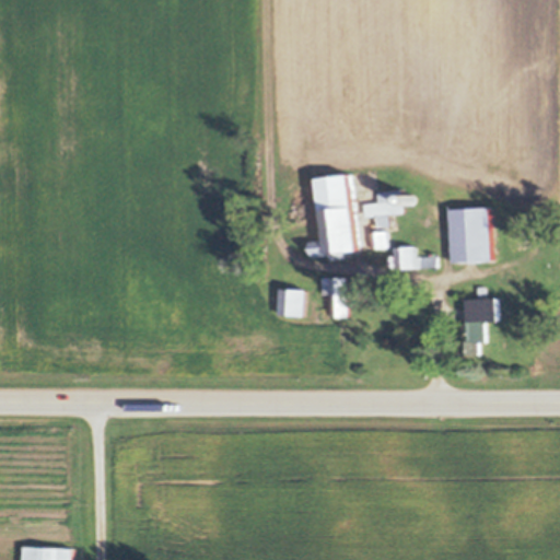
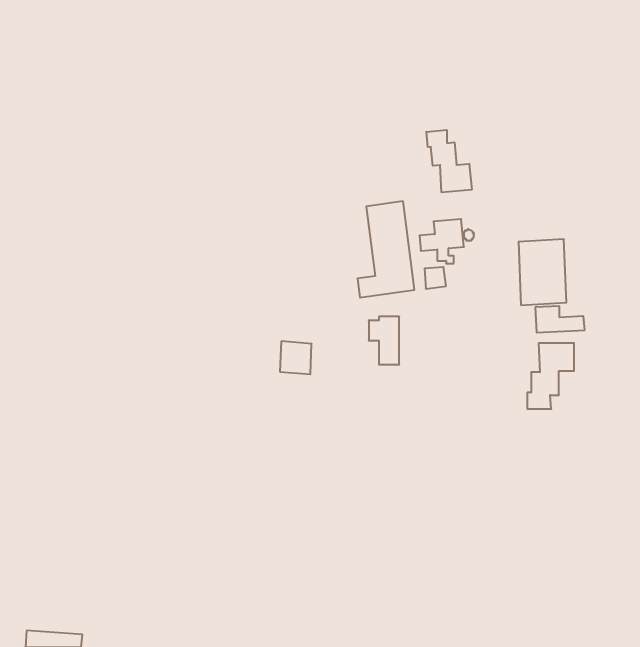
building: none -> [426,130,472,192]
building: [392,246,434,269] -> [535,306,585,333]
building: [278,290,305,318] -> [280,341,312,374]

